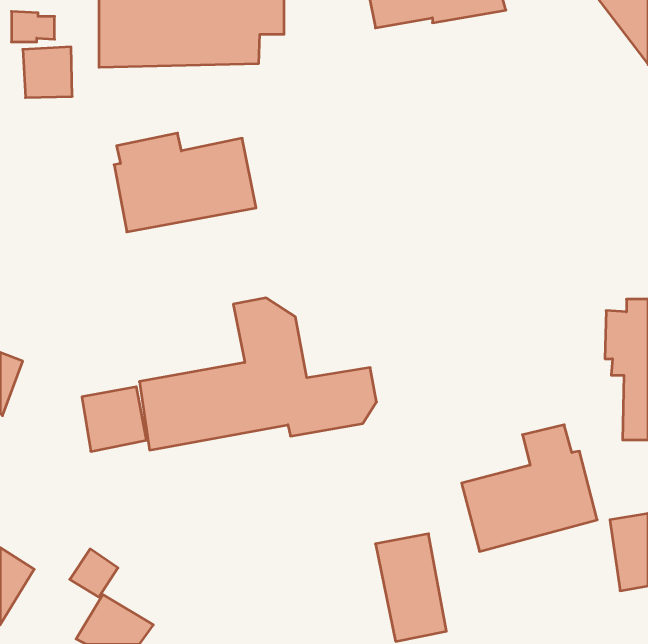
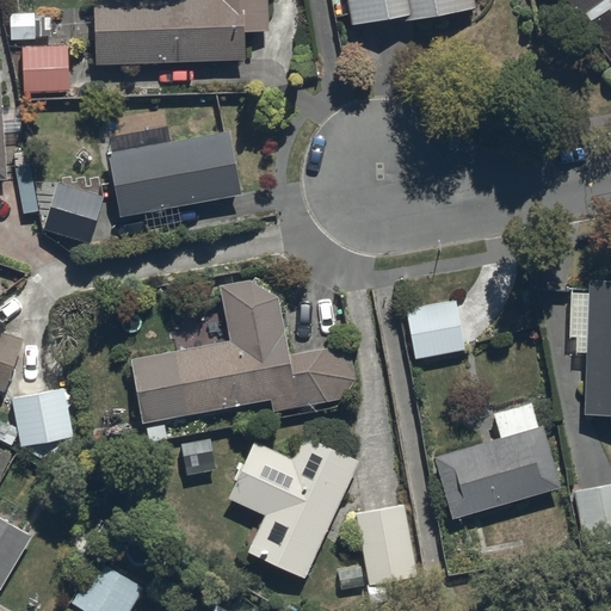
building: none -> [42,181,105,245]
building: none -> [405,301,464,359]
building: [82,387,147,451] -> [12,387,73,448]
building: none -> [228,436,358,579]

